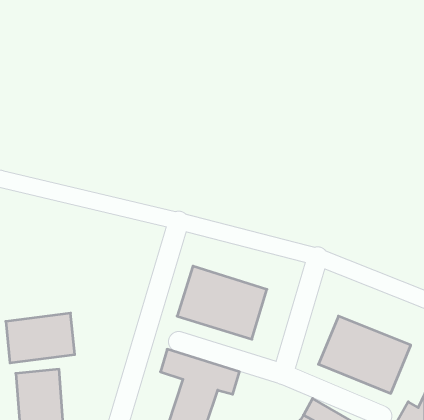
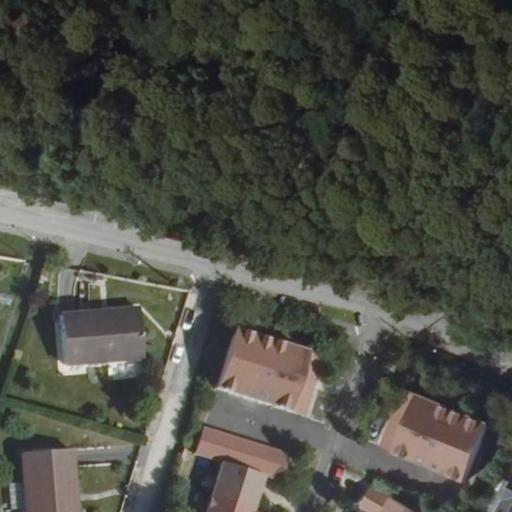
building: [6,313,75,363] -> [59,308,142,368]

